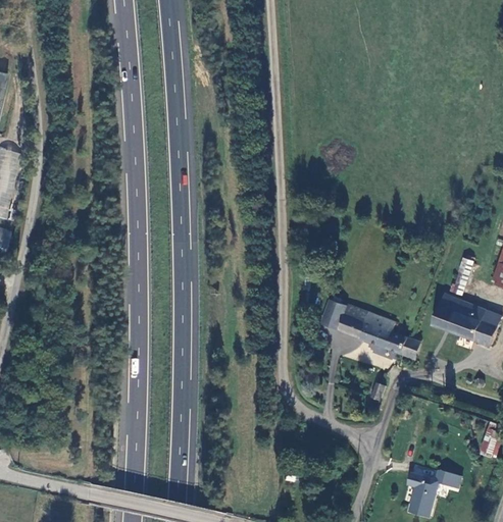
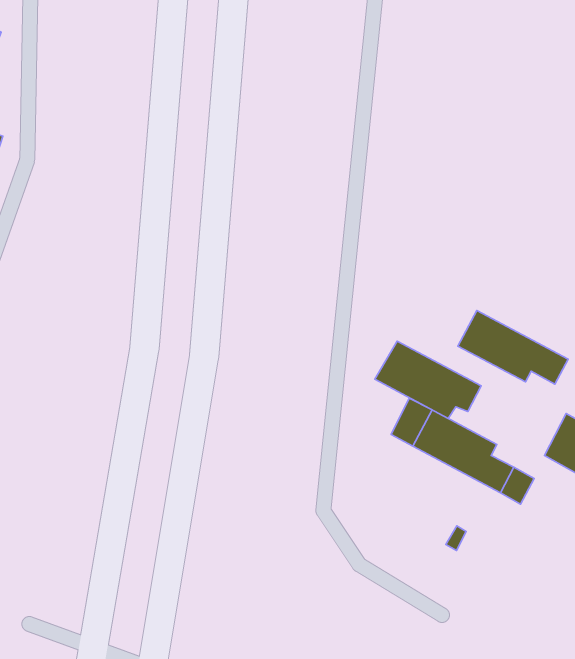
building: none -> [458,310,568,384]
building: none -> [375,341,481,418]

